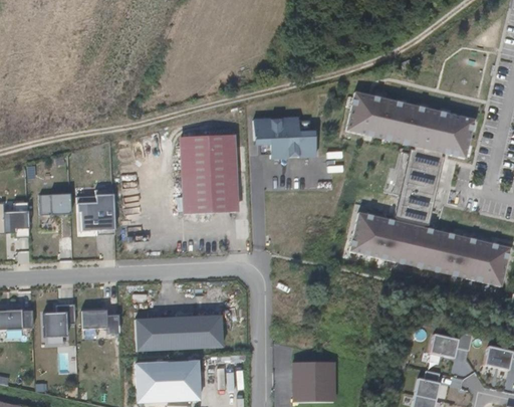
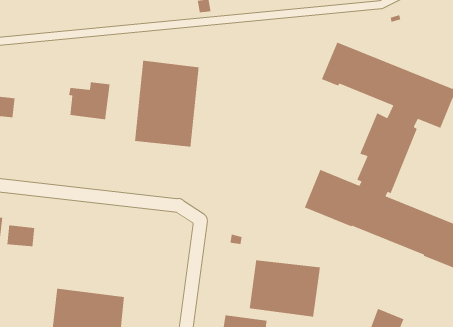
building: [253,115,316,158] -> none
building: [77,193,115,228] -> [68,82,111,120]
building: none -> [249,259,321,317]
building: [135,314,223,351] -> none

